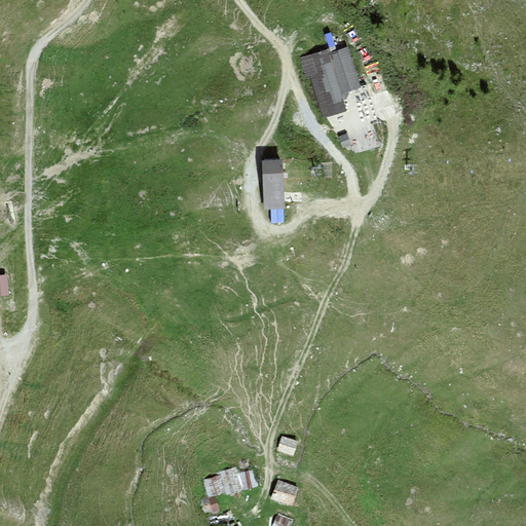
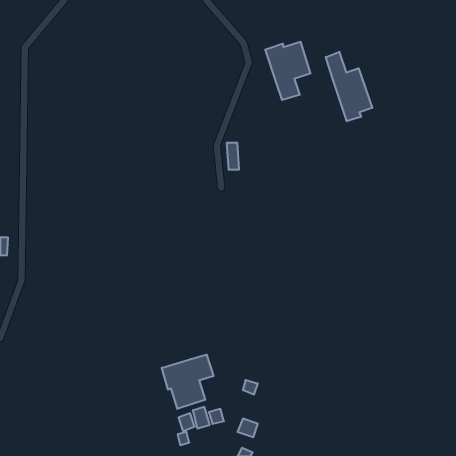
building: none -> [326,52,372,121]
building: none -> [162,355,214,409]

